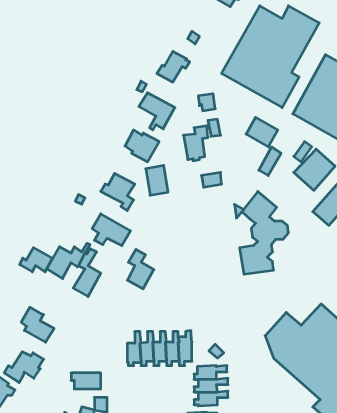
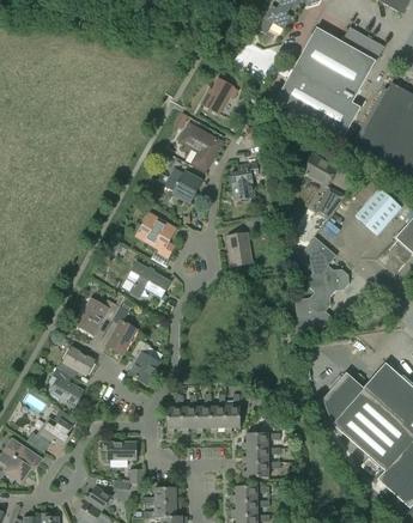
building: [146,165,168,195] -> [226,232,251,266]
building: [20,248,53,272] -> [56,347,93,375]
building: [127,249,154,289] -> [129,339,159,383]

